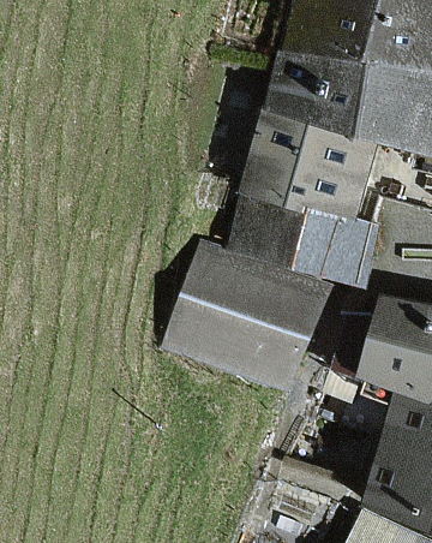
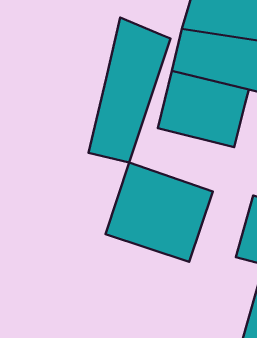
building: none -> [89,18,170,163]
building: [232,191,379,280] -> none

